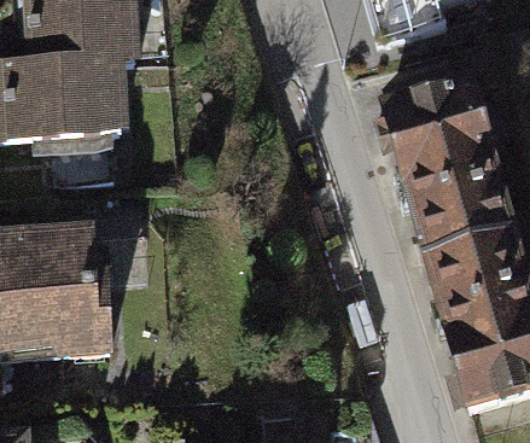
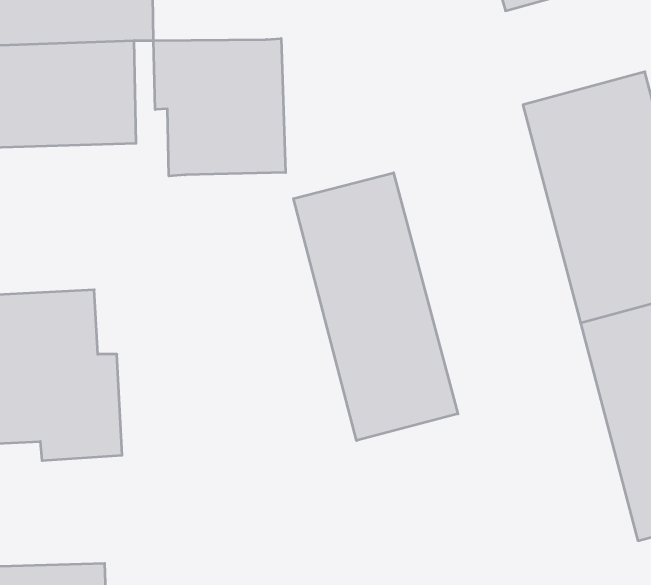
building: none -> [153,38,286,176]
building: none -> [293,173,458,441]

